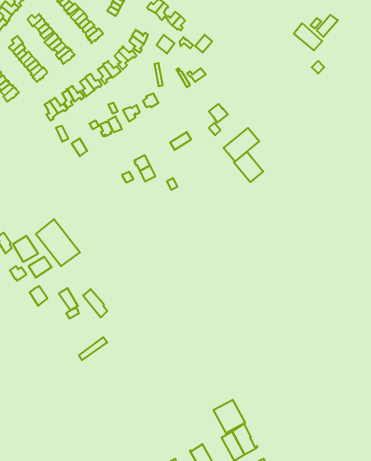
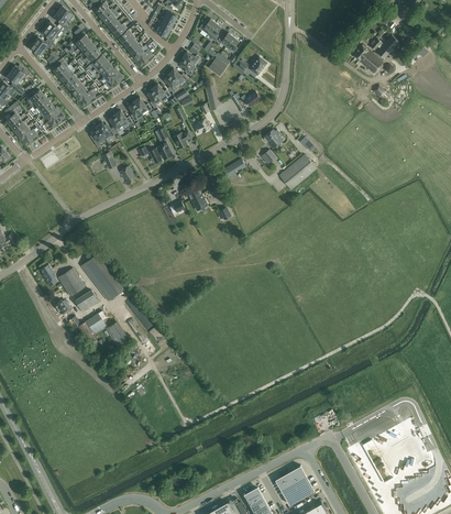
building: [234,152,263,182] -> none
building: [213,400,245,433] -> none

